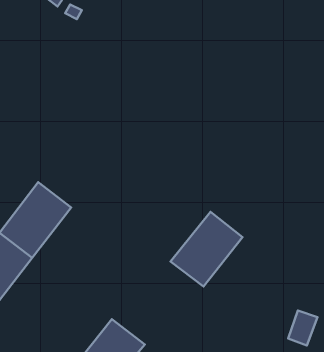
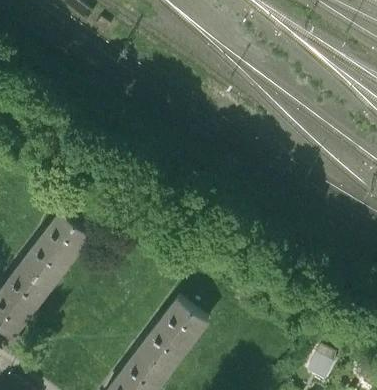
building: [171,212,242,287] -> [135,301,209,378]

